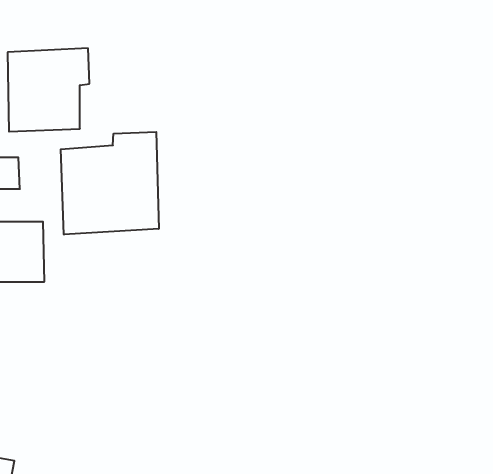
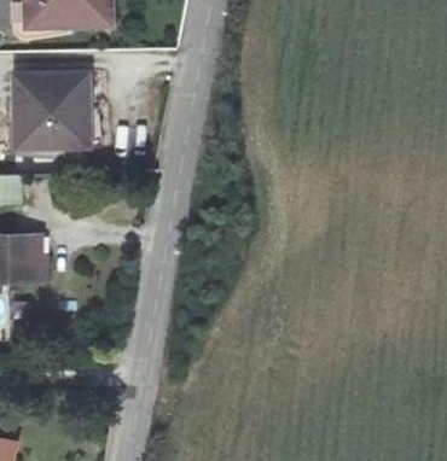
building: [61,132,159,235] -> none

